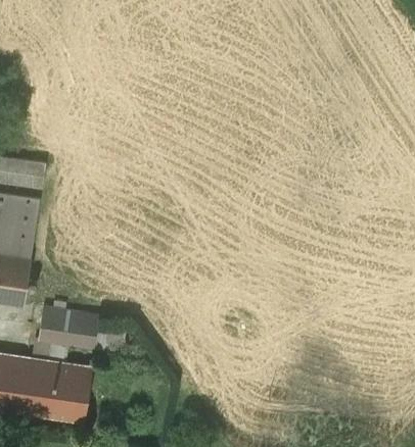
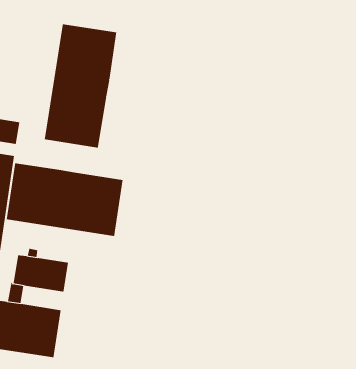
building: none -> [44,23,117,148]
building: none -> [6,163,123,237]

